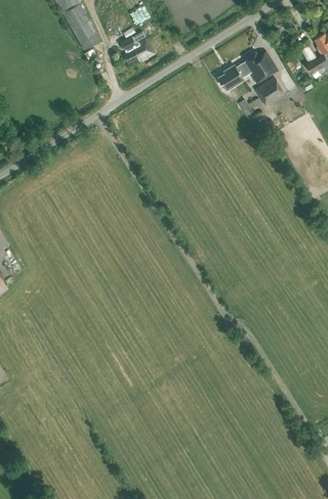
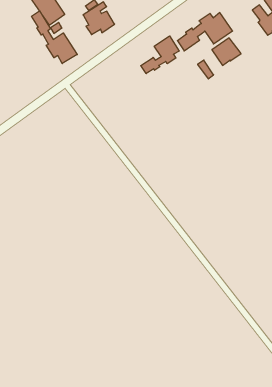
building: none -> [32,11,77,64]
building: none -> [141,36,179,74]

